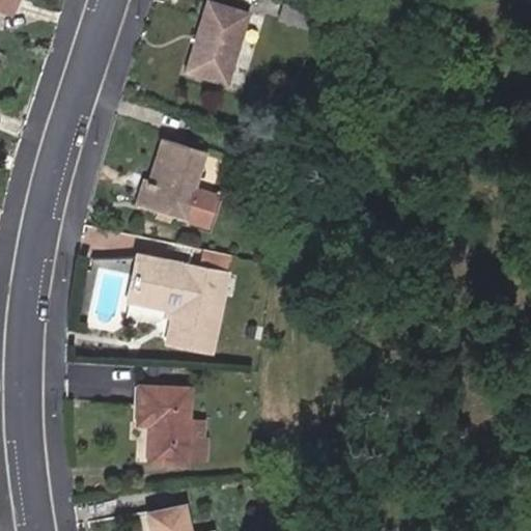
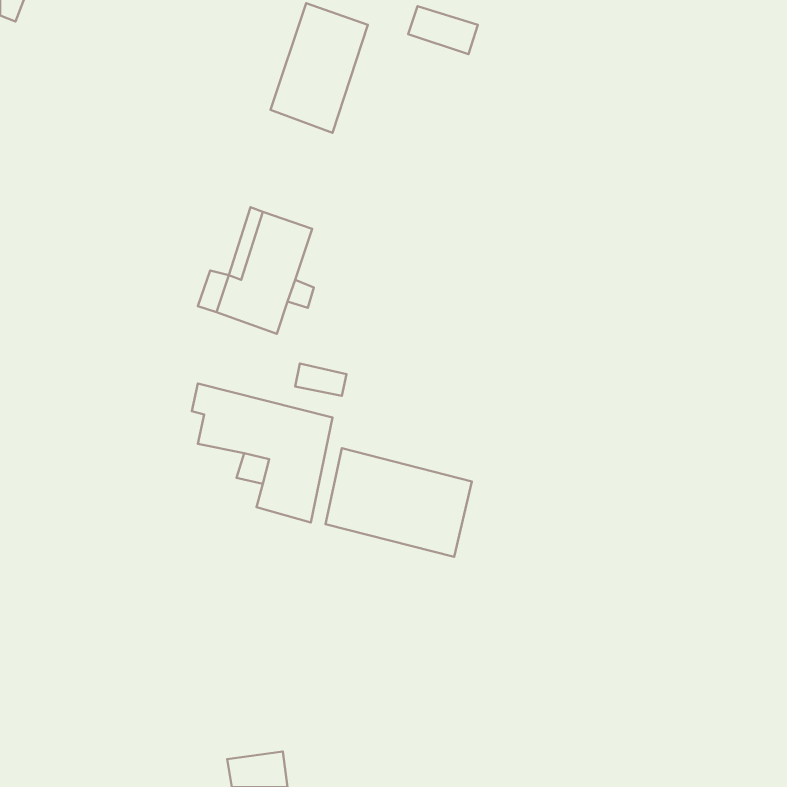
building: none -> [326,448,472,557]
building: [140,386,190,463] -> none

